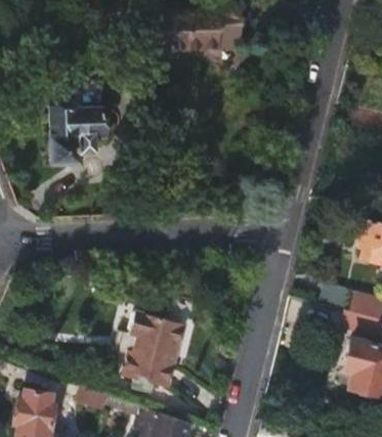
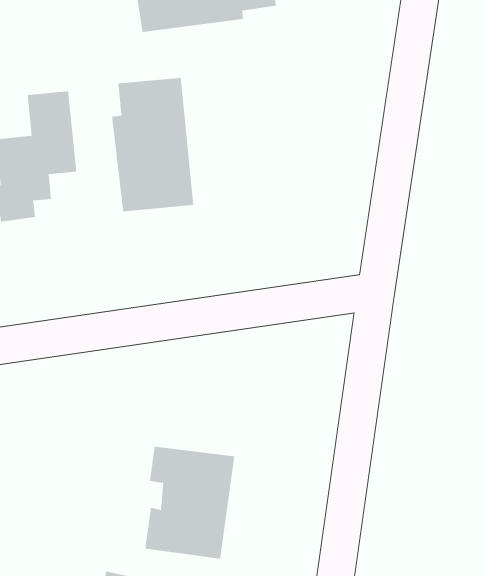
building: none -> [111,77,194,212]

